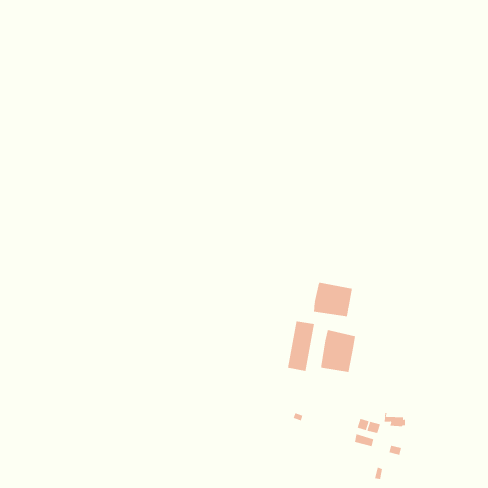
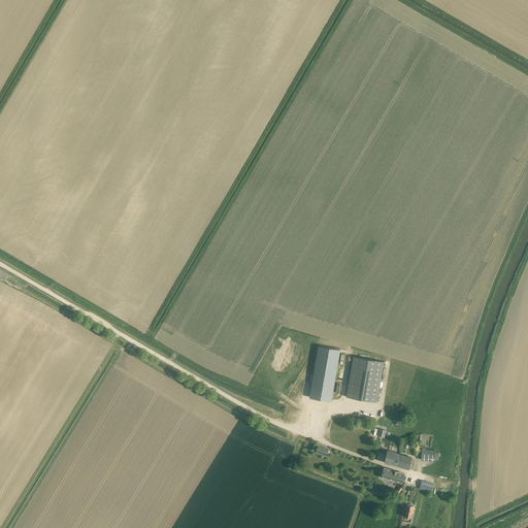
building: [313,282,352,317] -> none

